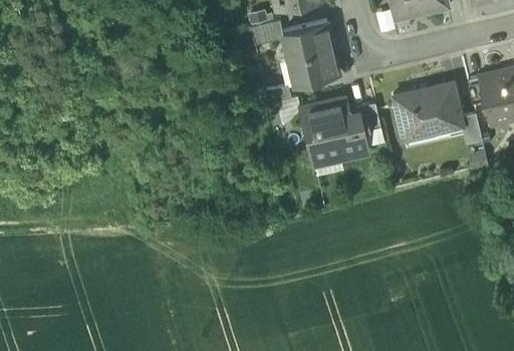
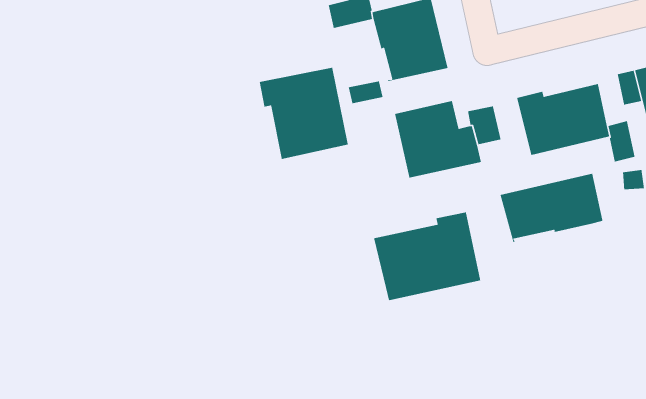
building: none -> [259,67,349,160]
building: none -> [500,173,604,243]
building: none -> [373,211,481,302]

